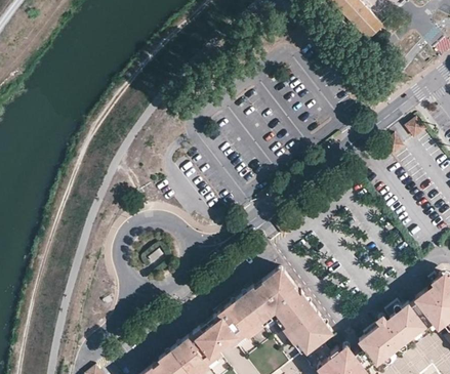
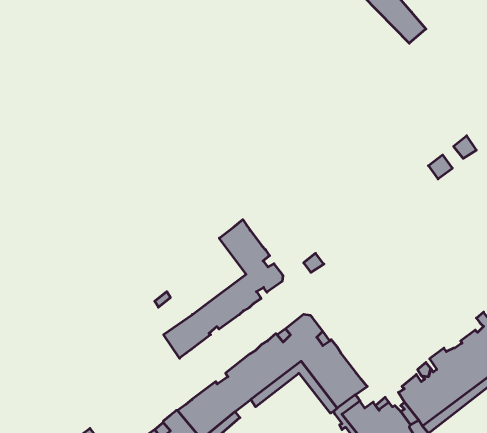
building: none -> [164,220,283,358]

